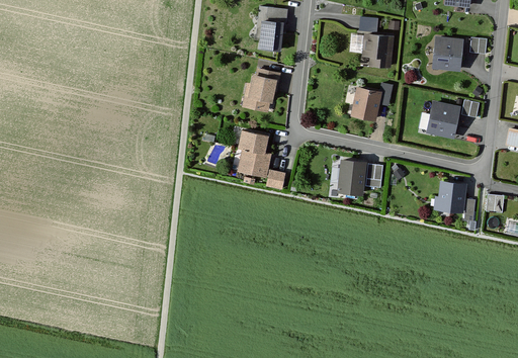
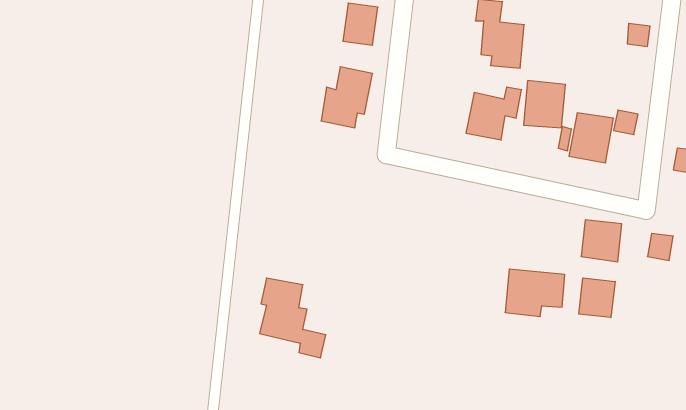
building: [431,35,462,71] -> [524,81,566,128]
building: [236,130,285,190] -> [260,278,326,358]
building: [337,160,381,195] -> [505,269,565,317]
building: none -> [579,278,615,318]

